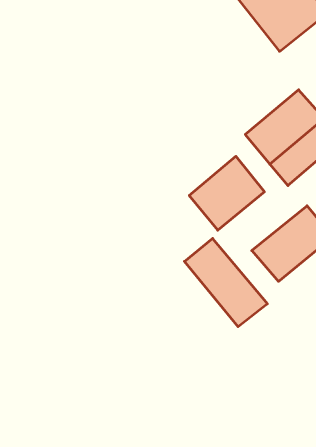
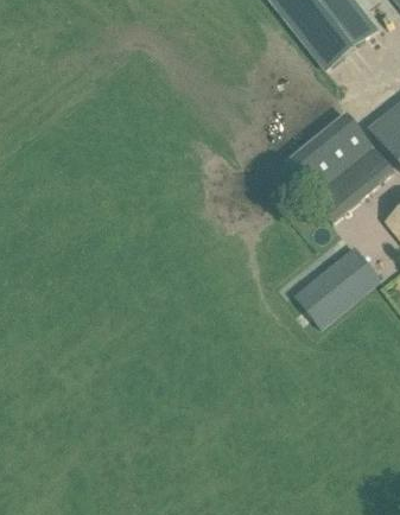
building: [189,156,264,230] -> none
building: [184,238,267,327] -> none

